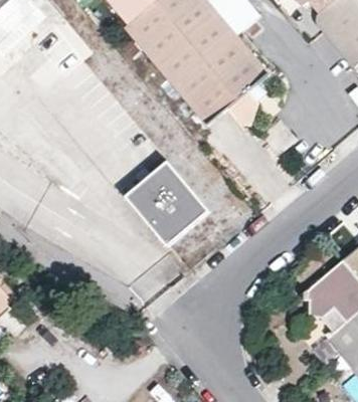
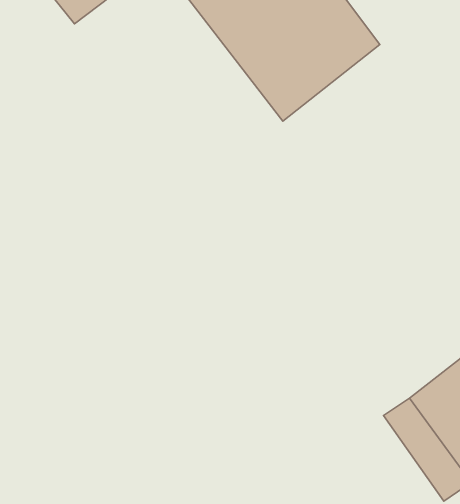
building: [122,155,206,241] -> none

